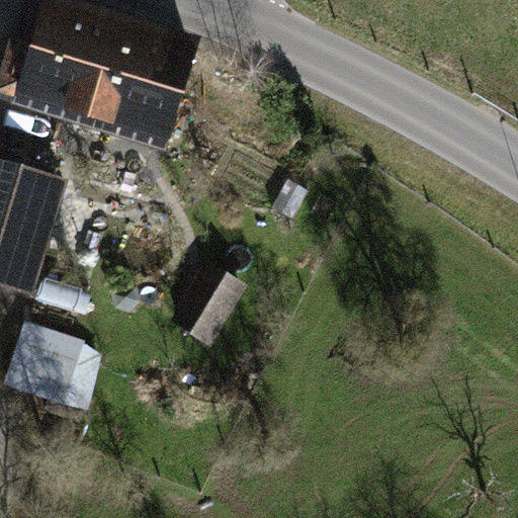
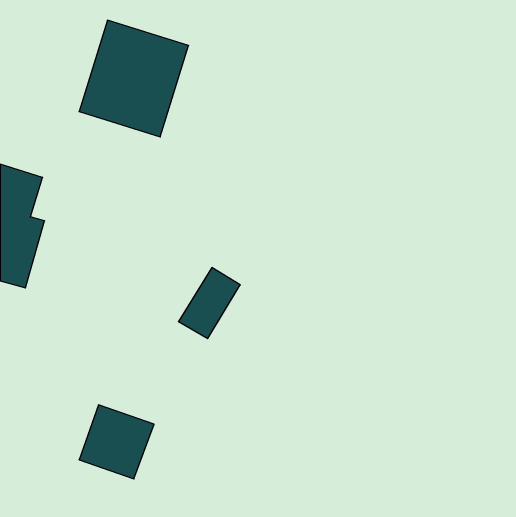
building: [7,6,109,112] -> none
building: [8,327,83,401] -> [79,405,154,479]

